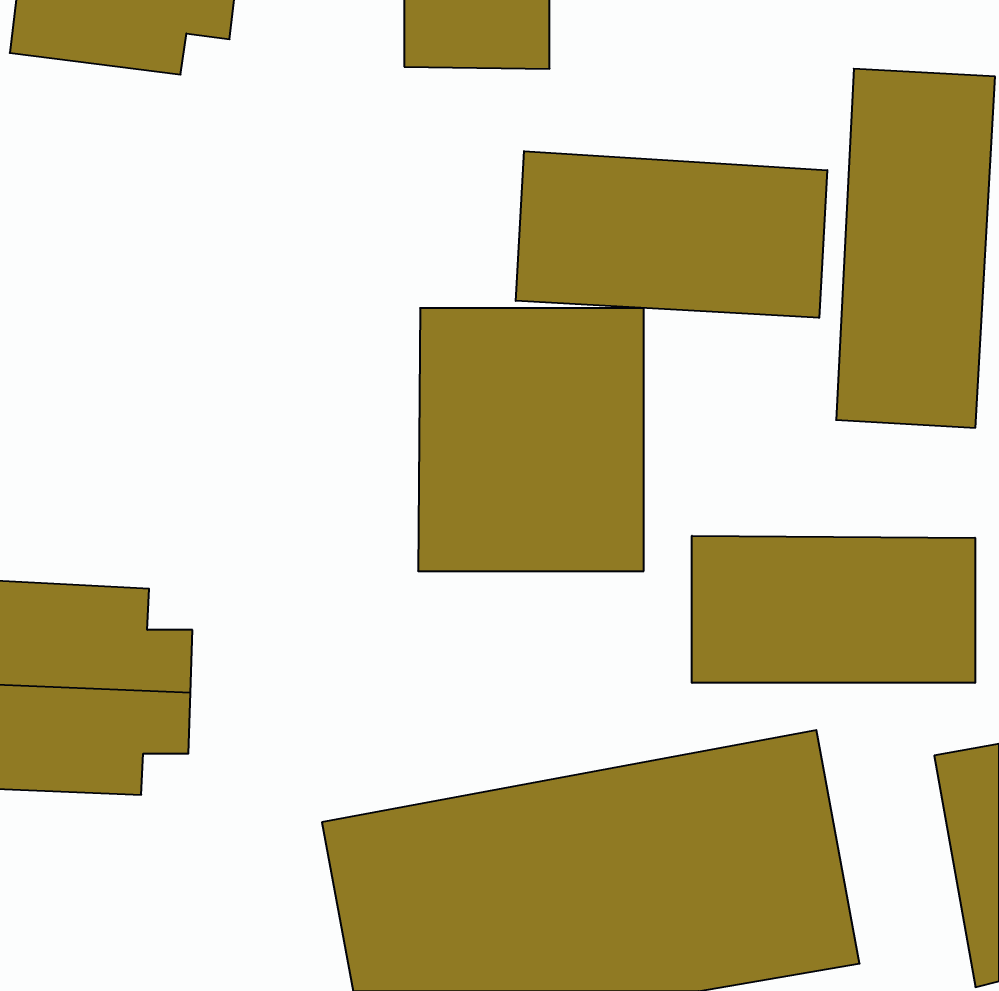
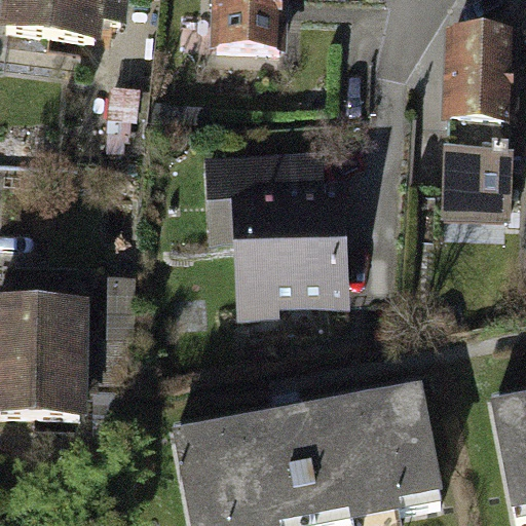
building: [516,151,827,318] -> none
building: [692,536,975,683] -> none

